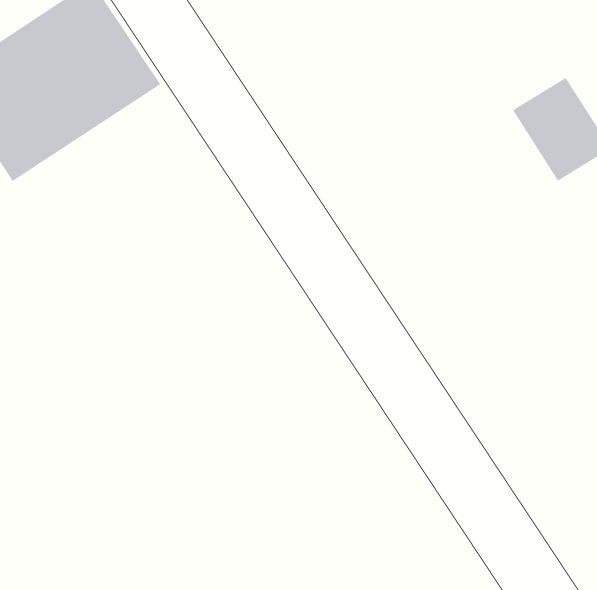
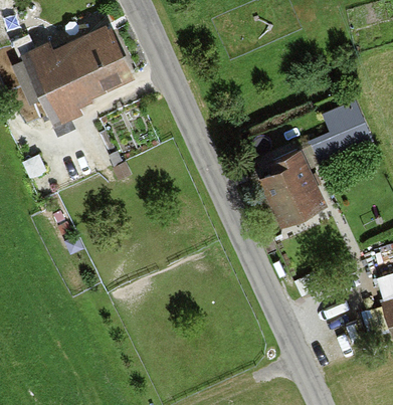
building: none -> [259,150,324,217]

